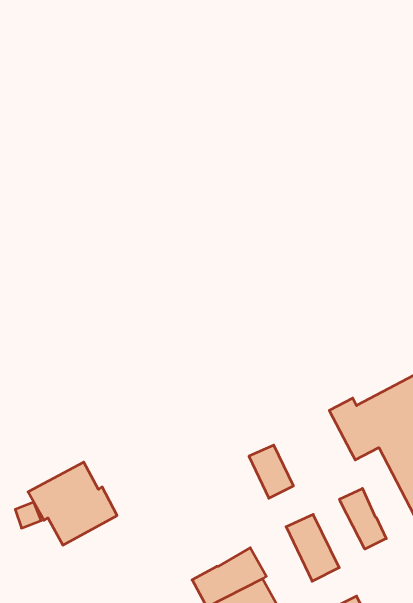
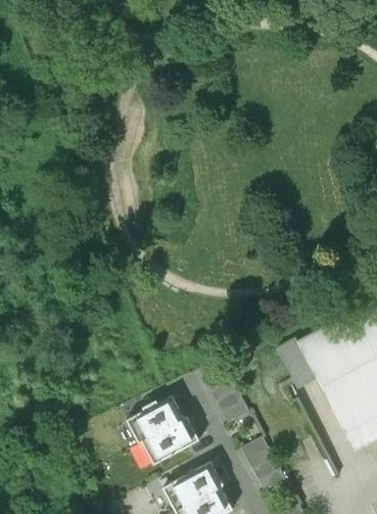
building: [28,462,117,545] -> [125,394,198,463]
building: [340,488,386,549] -> none

